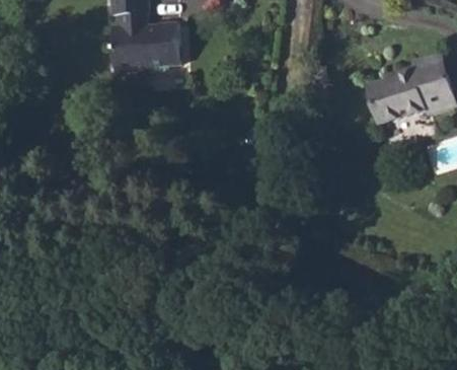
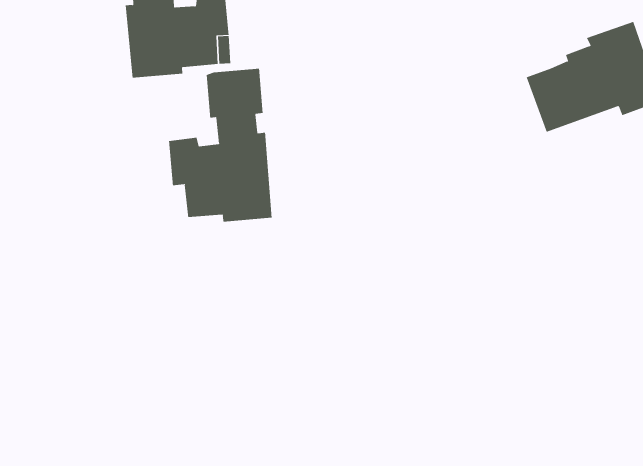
building: none -> [169,68,272,223]

